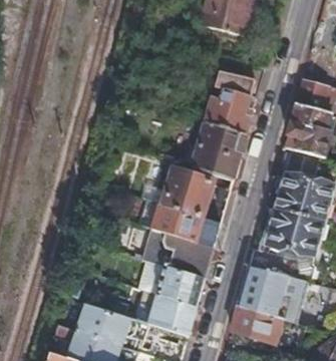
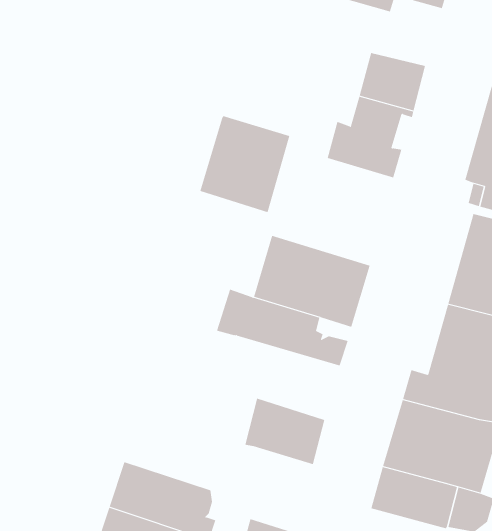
building: [190,122,244,180] -> [199,116,290,213]
building: [139,229,212,279] -> none
building: [151,295,196,337] -> none

